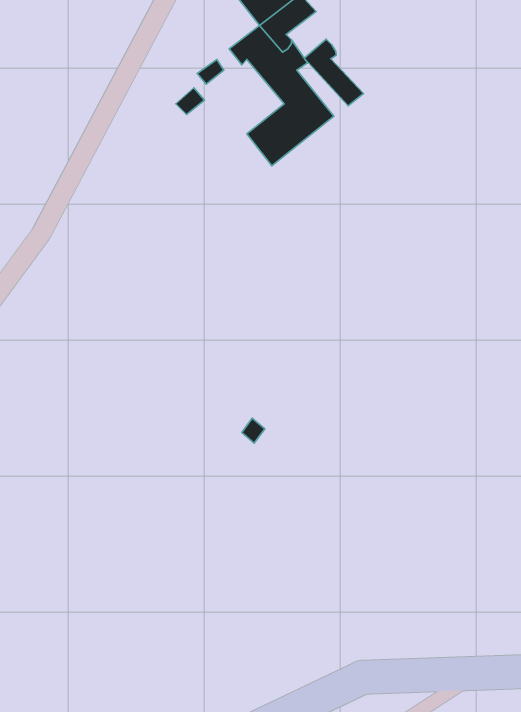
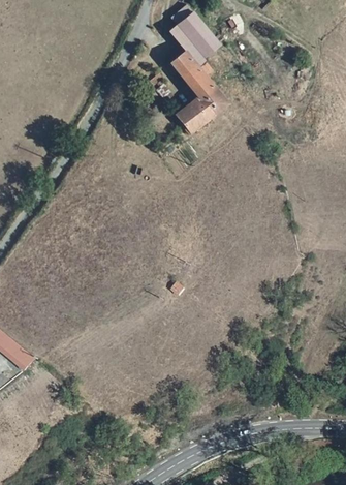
building: [304,39,364,106] -> none

